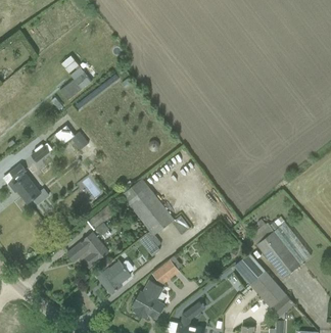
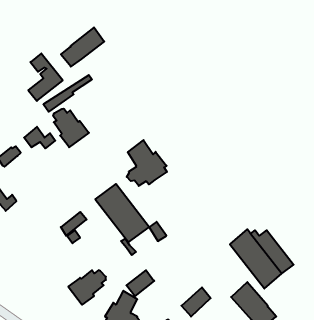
building: none -> [61,27,104,67]
building: none -> [53,109,89,147]
building: none -> [127,140,167,186]
building: [66,233,108,268] -> none
building: [233,252,267,286] -> none

